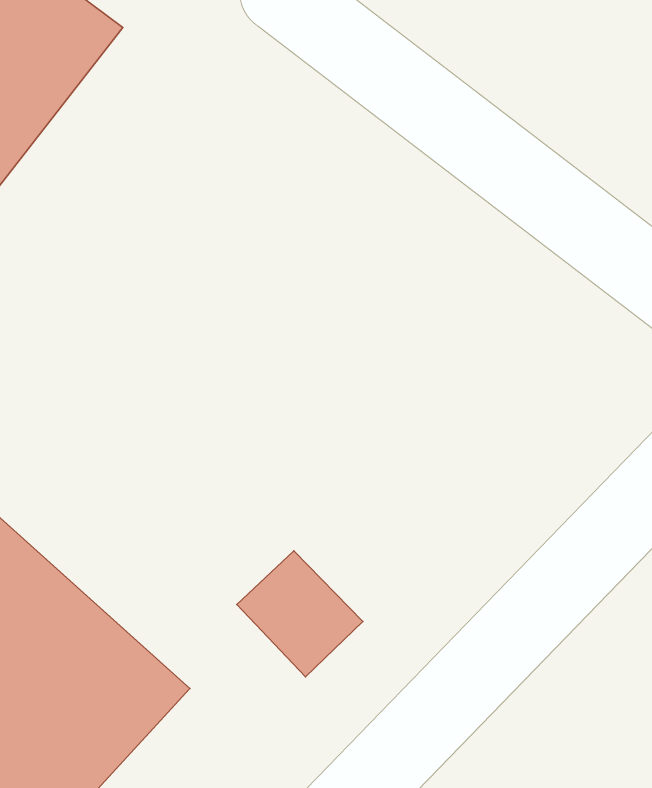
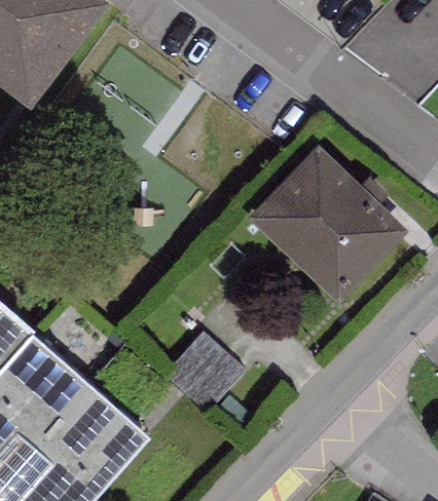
building: none -> [245,141,405,299]

